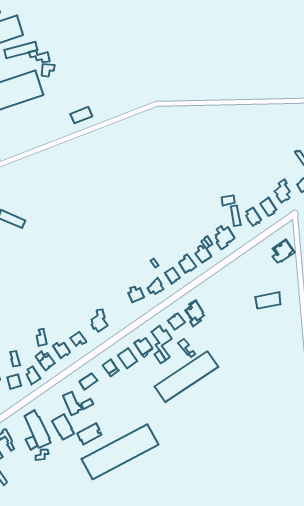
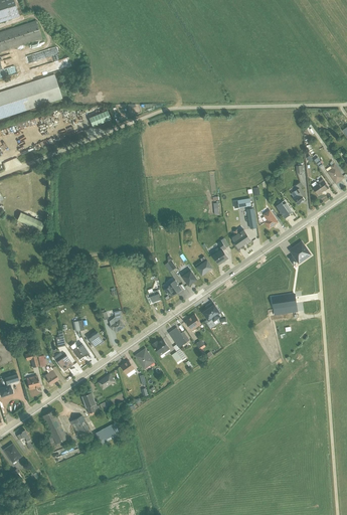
building: [154,351,218,402] -> none
building: [81,424,159,479] -> none

